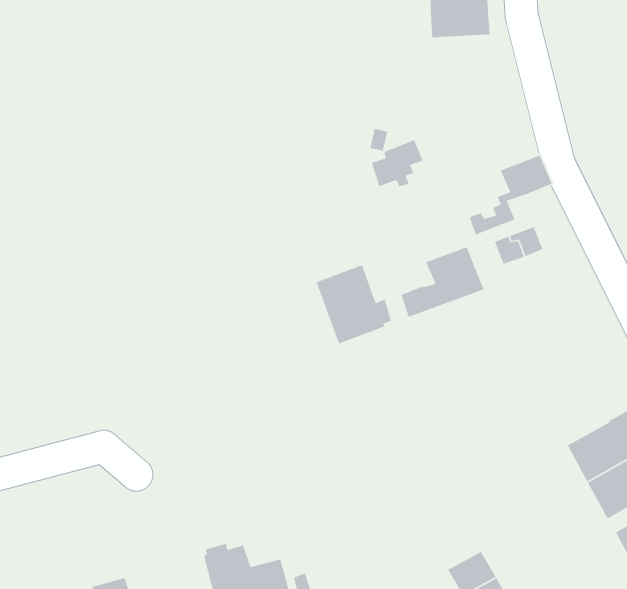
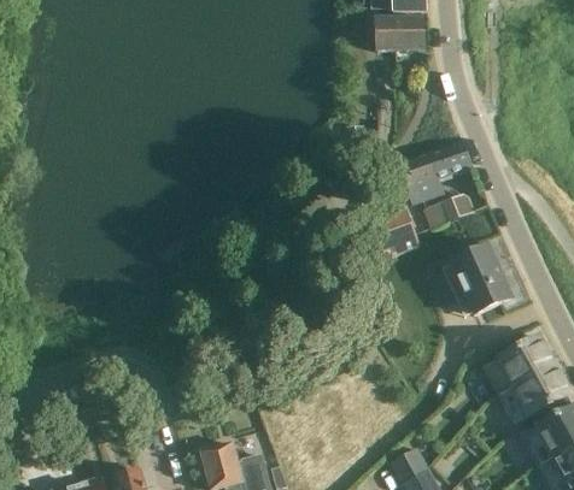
building: [371,139,424,187] -> [397,153,438,190]
building: [316,264,392,345] -> none
building: none -> [443,243,512,314]

